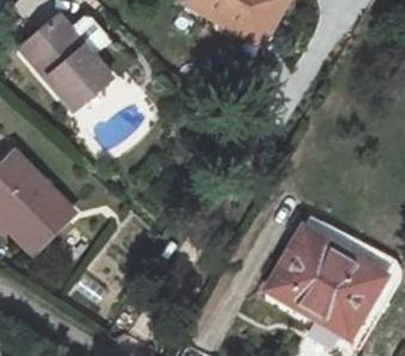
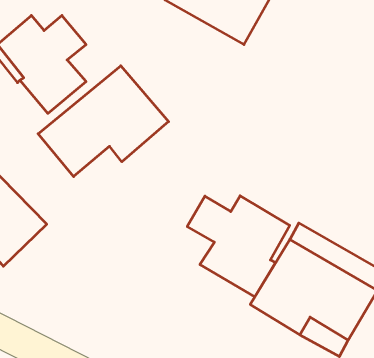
building: none -> [38,66,169,177]
building: none -> [187,196,290,297]

